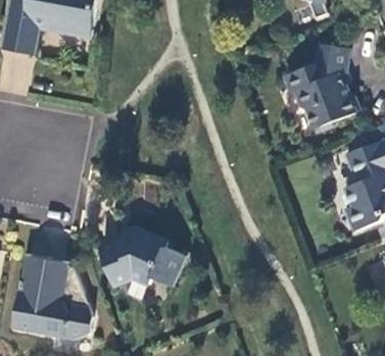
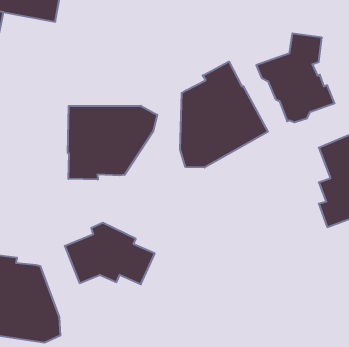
building: none -> [180,62,268,168]
building: none -> [68,106,157,180]

